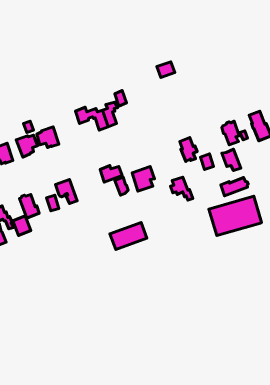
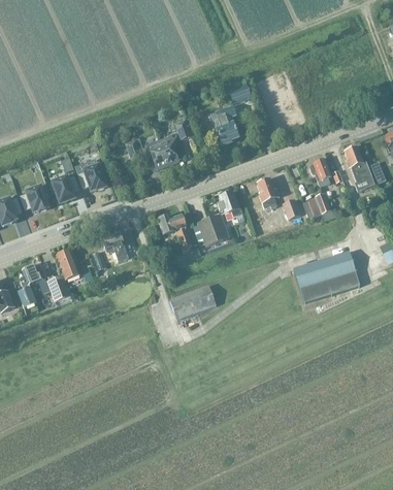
building: none -> [212,106,238,144]
building: [170,177,193,200] -> [217,192,244,221]
building: [221,177,248,196] -> none

